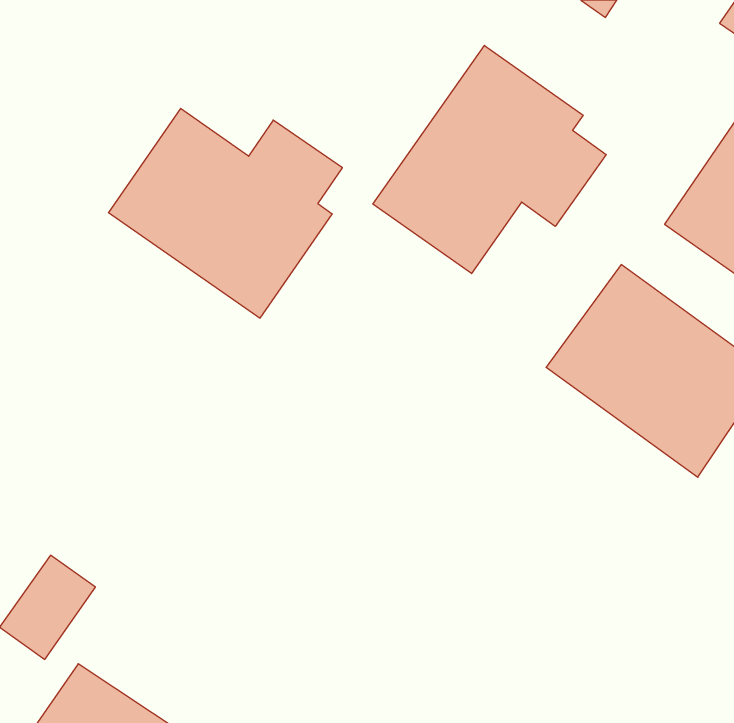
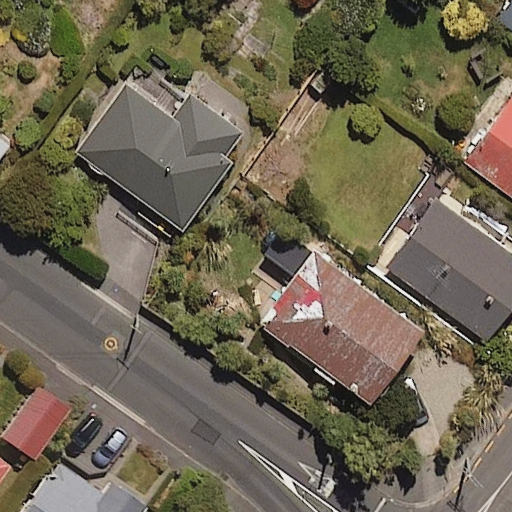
building: [373,45,606,274] -> none
building: none -> [263,224,424,401]

